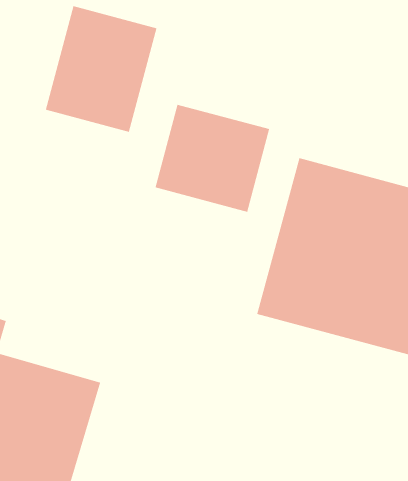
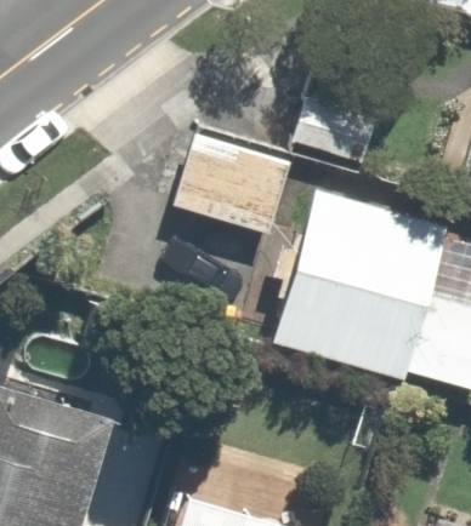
building: [45,5,157,133] -> none

